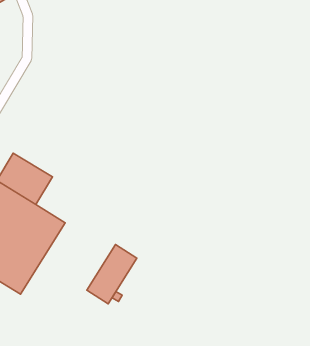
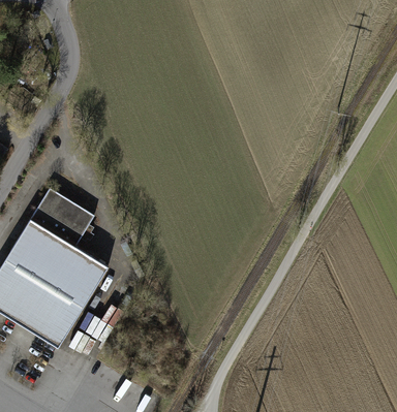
building: [87,245,137,304] -> none

